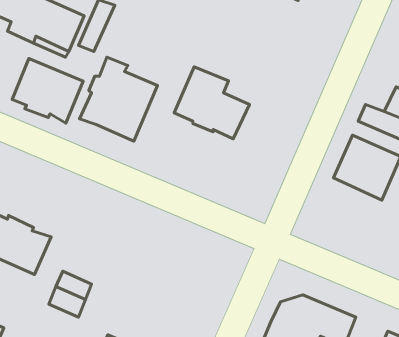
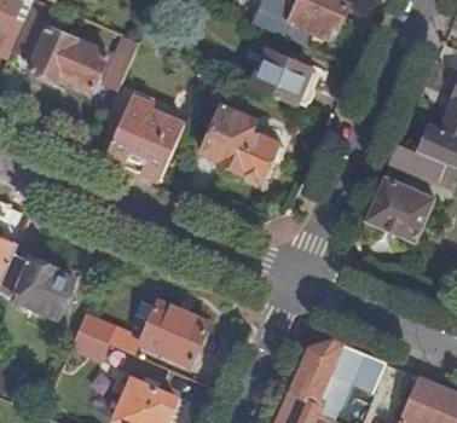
building: none -> [251,51,313,103]
building: [12,59,83,123] -> none
building: none -> [141,301,209,364]

